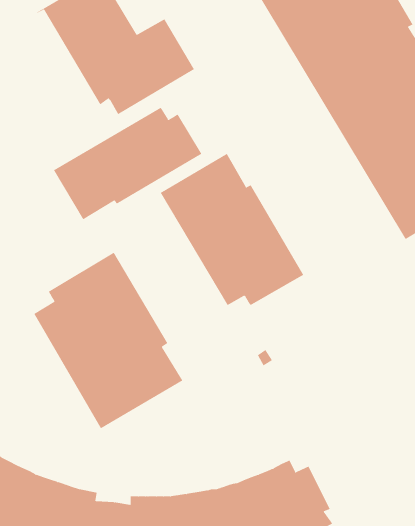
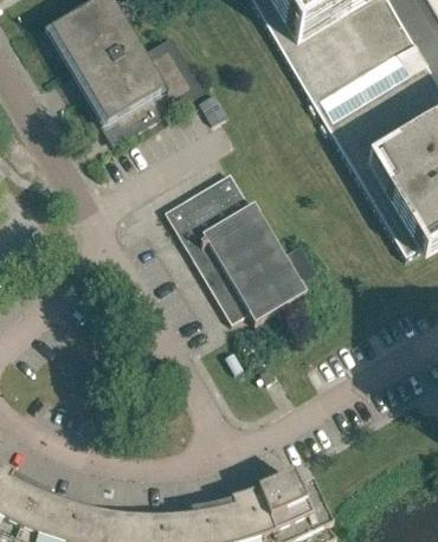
building: [53,107,202,220] -> none
building: [33,252,183,429] -> none

